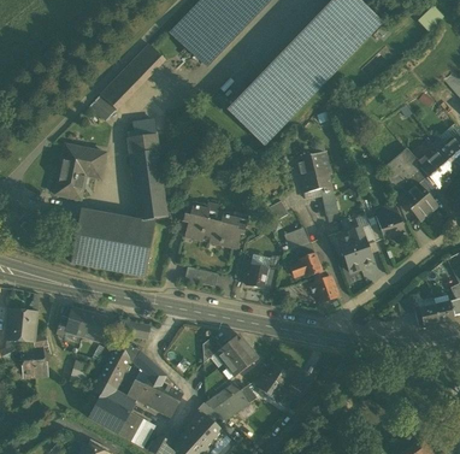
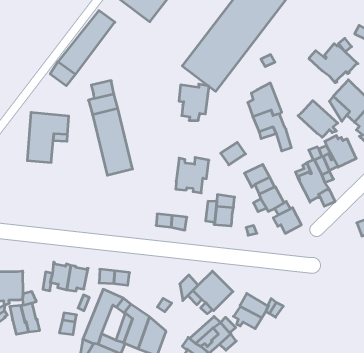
building: none -> [309,44,358,83]
building: none -> [298,101,338,137]
building: [184,200,218,240] -> [179,84,209,120]
building: [71,214,166,276] -> none

